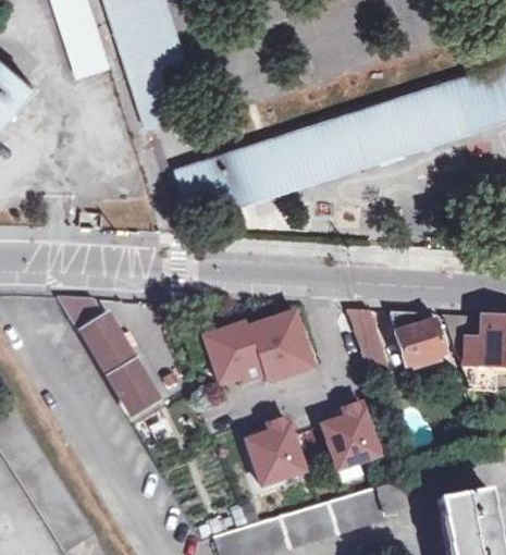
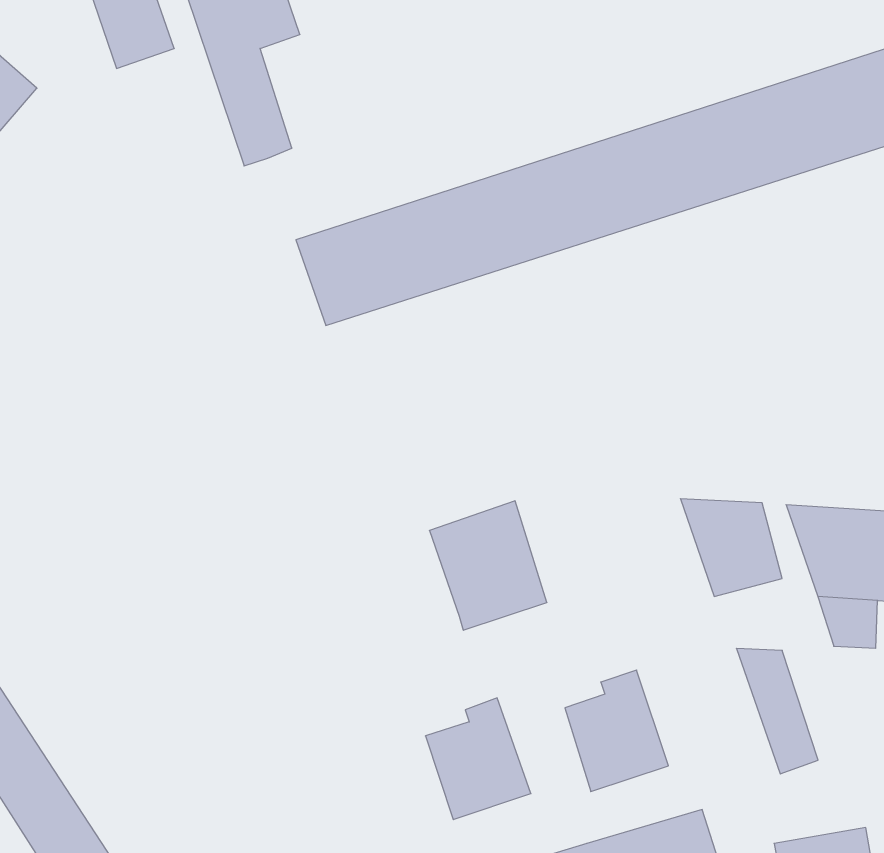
building: [55,297,158,411] -> none
building: [347,309,392,378] -> [736,648,818,774]
building: [206,323,266,382] -> none

